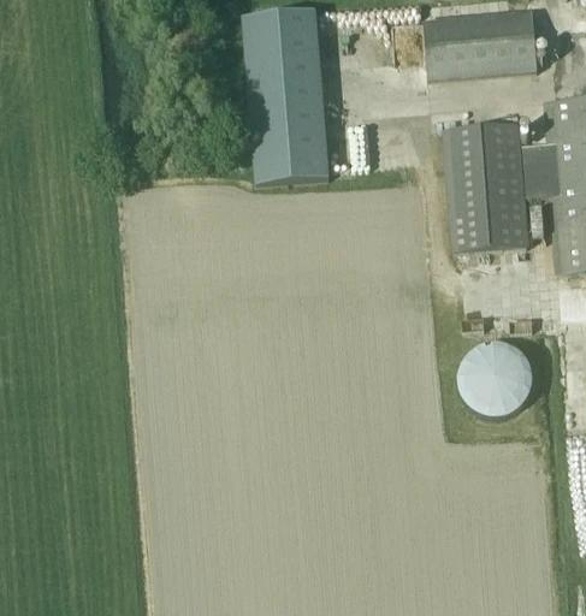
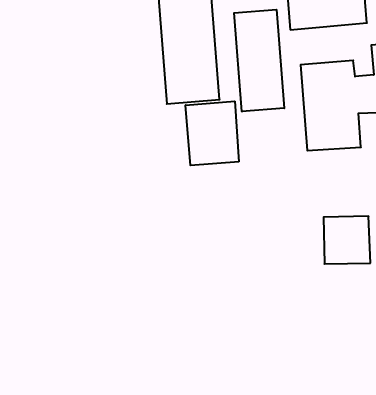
building: none -> [234,10,284,112]
building: none -> [186,101,239,165]

